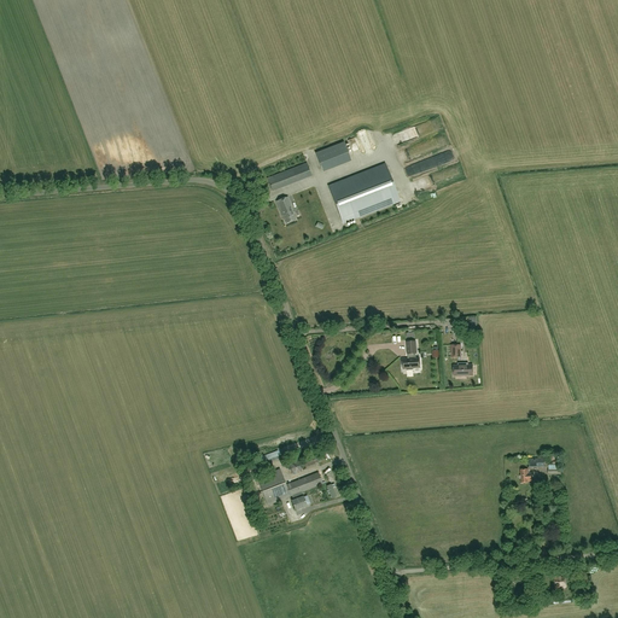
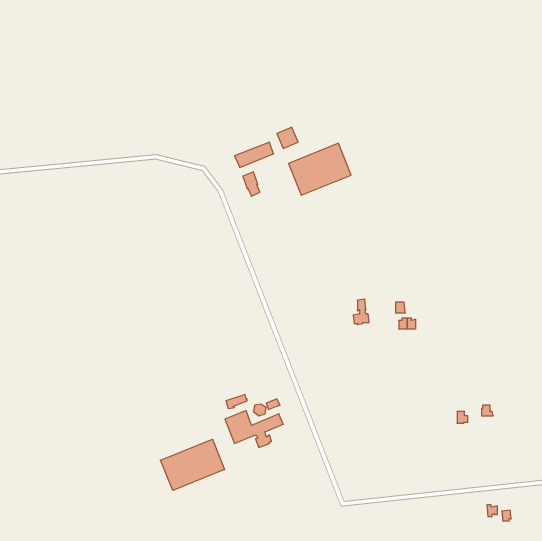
building: none -> [160,439,225,490]

